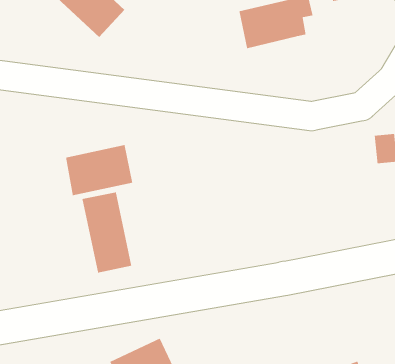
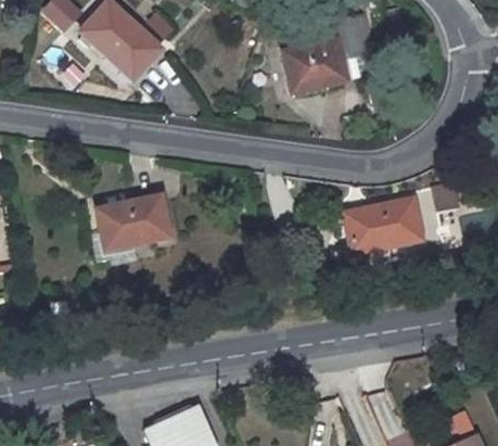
building: none -> [344,197,422,254]
building: [82,191,132,273] -> none

